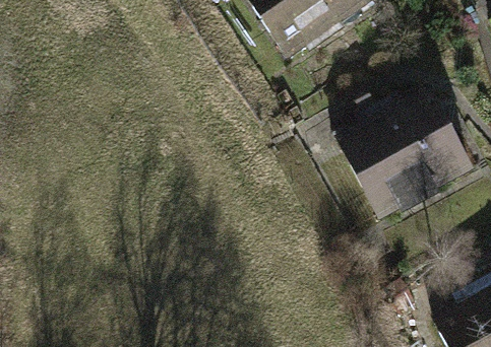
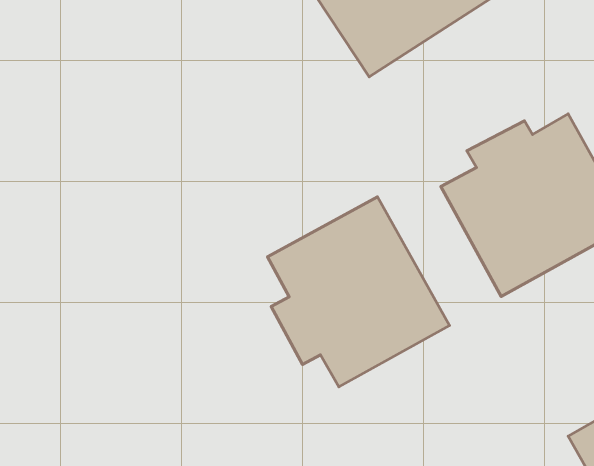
building: none -> [267,197,449,387]

